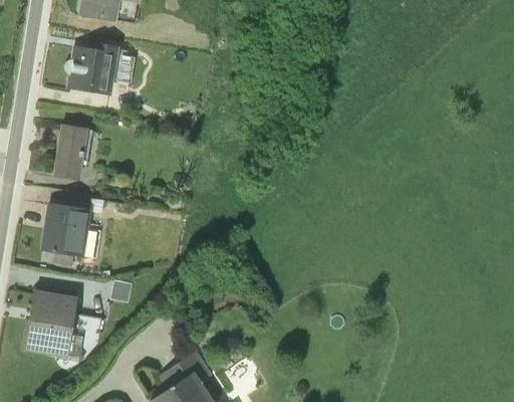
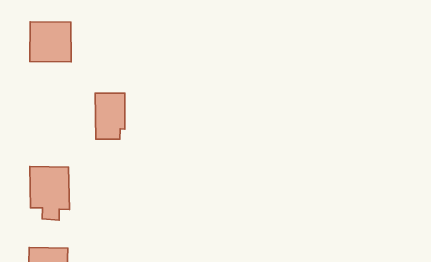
building: [53,124,92,178] -> [95,93,125,139]

